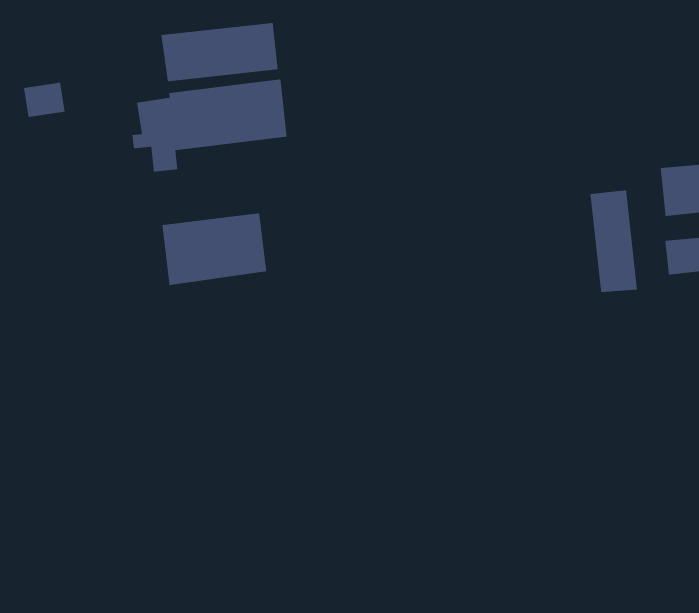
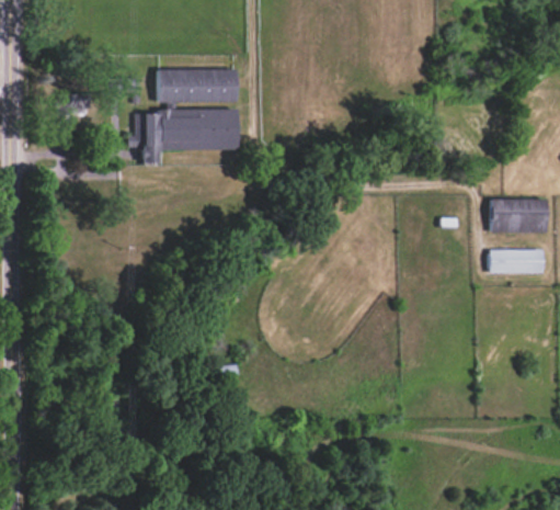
building: [590,189,637,293] -> none
building: [162,213,267,286] -> none

